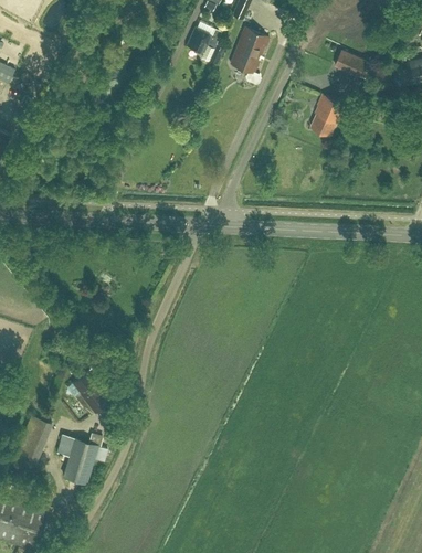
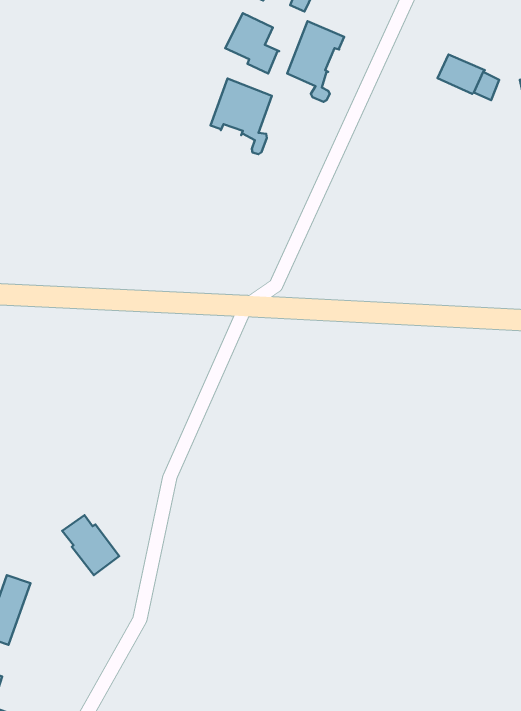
building: none -> [210,79,272,154]
building: [312,95,347,136] -> none
building: [57,434,107,483] -> none

